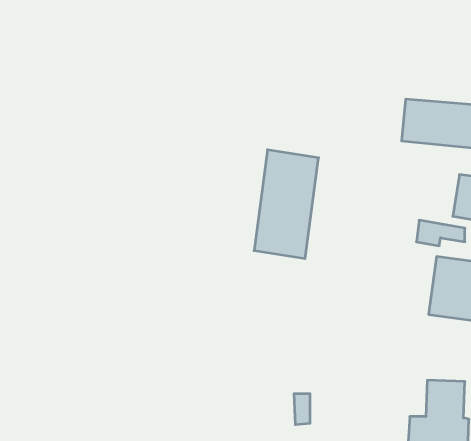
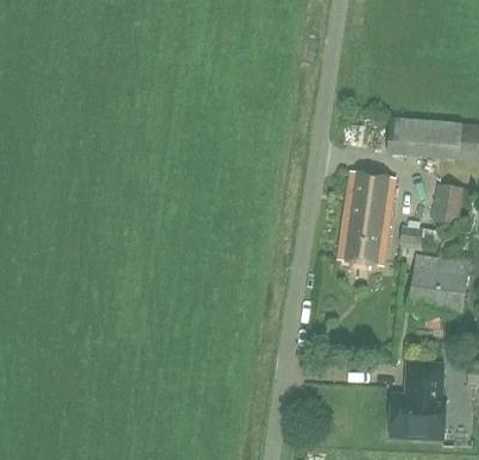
building: [254,150,319,259] -> [339,171,396,267]

